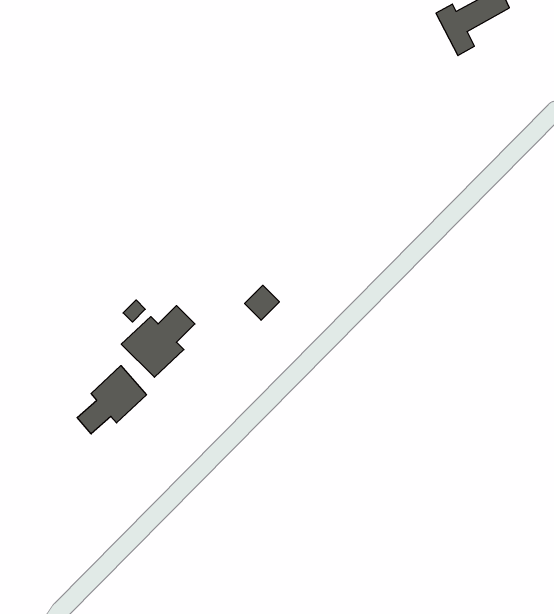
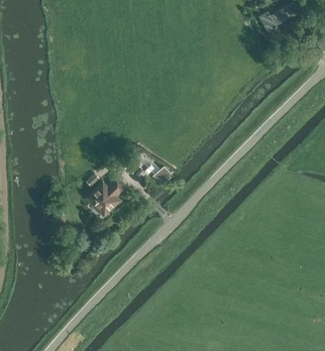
building: [77,366,146,434] -> none

